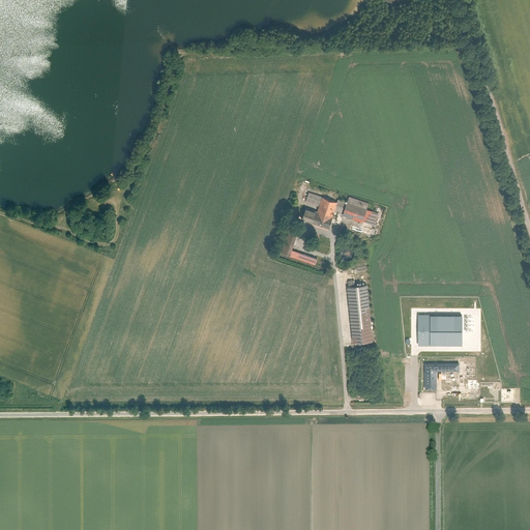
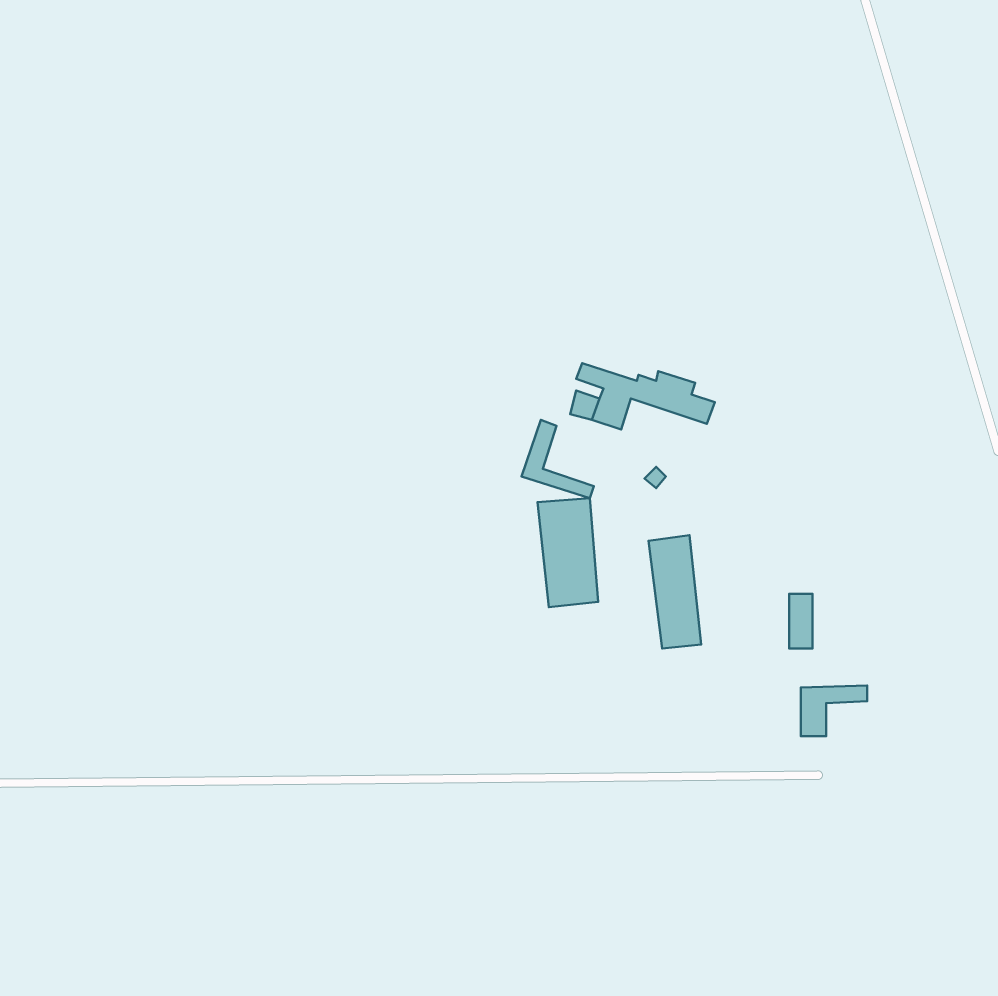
building: none -> [538,498,598,607]
building: [431,316,462,345] -> none

